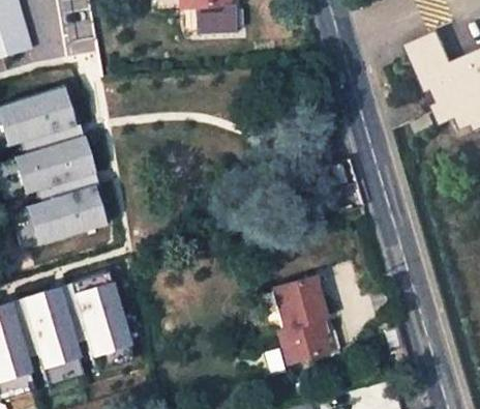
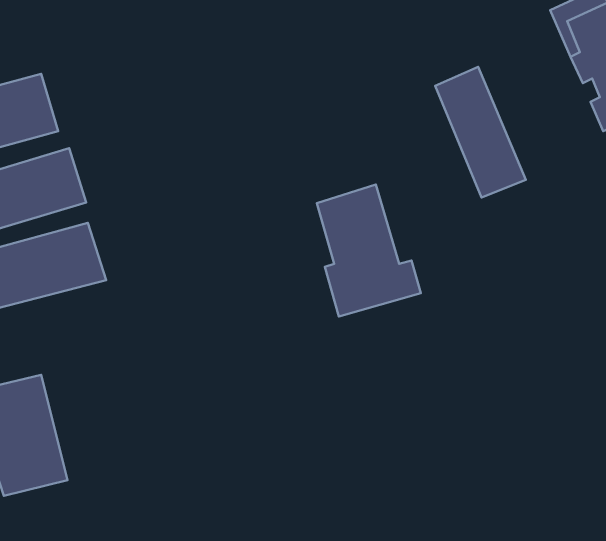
building: none -> [435,67,526,197]
building: [270,277,339,366] -> [317,185,421,316]
building: [71,284,133,358] -> none

